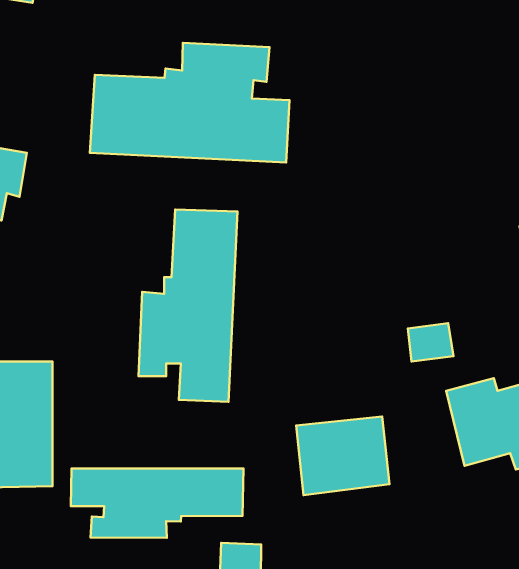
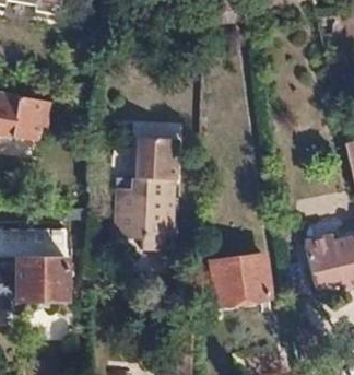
building: [90,43,290,162] -> none
building: [71,469,244,538] -> none

